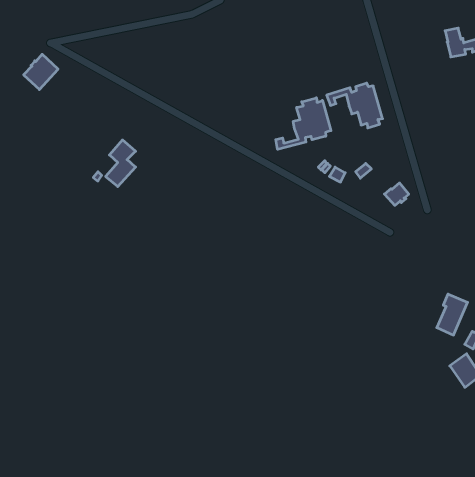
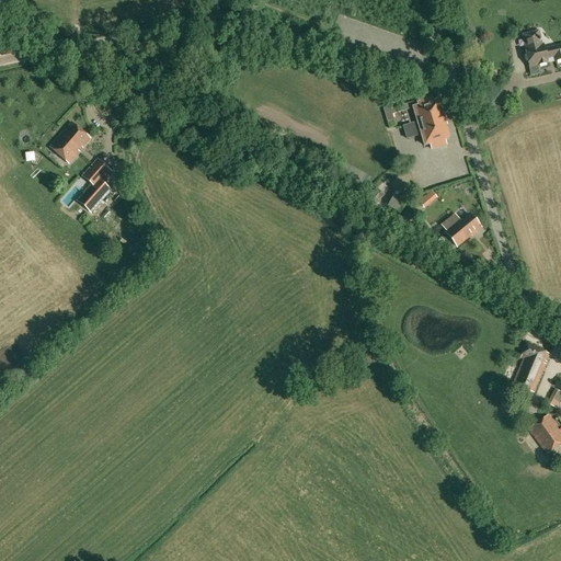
building: [24,54,58,90] -> [51,123,92,164]
building: [276,98,331,149] -> none
building: [106,140,136,187] -> [79,159,114,214]

